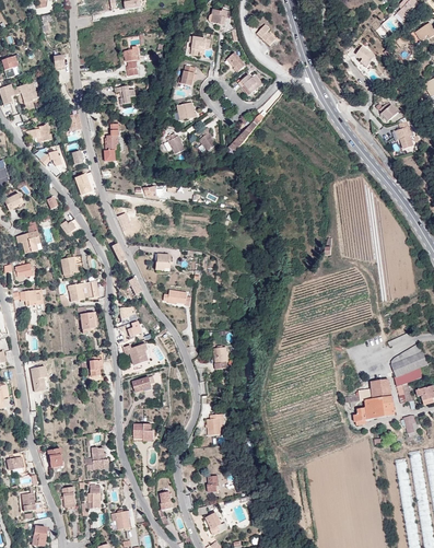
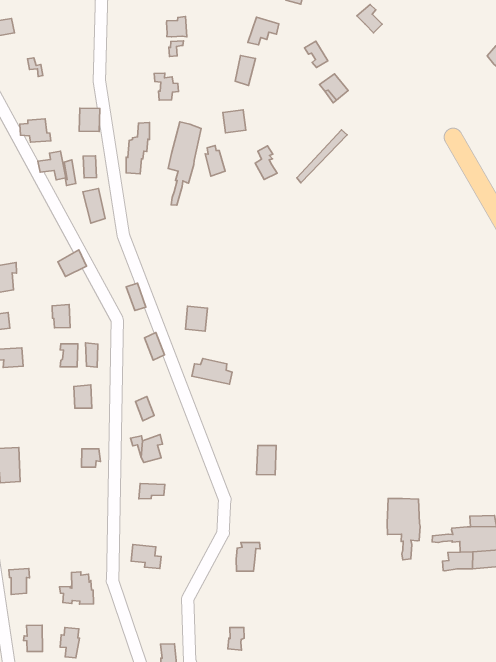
building: none -> [168,122,201,205]
building: none -> [387,498,420,560]

